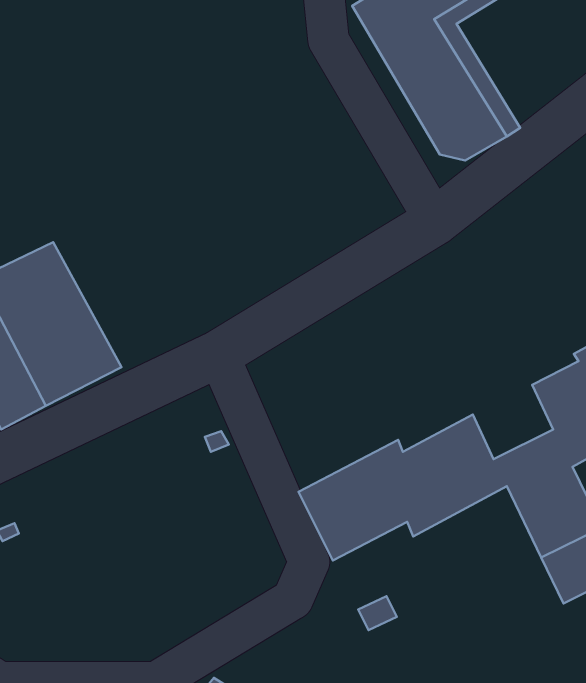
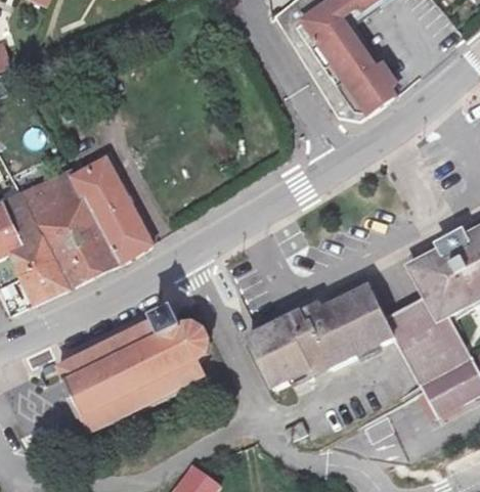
building: none -> [78,150,158,254]
building: none -> [56,309,210,433]

